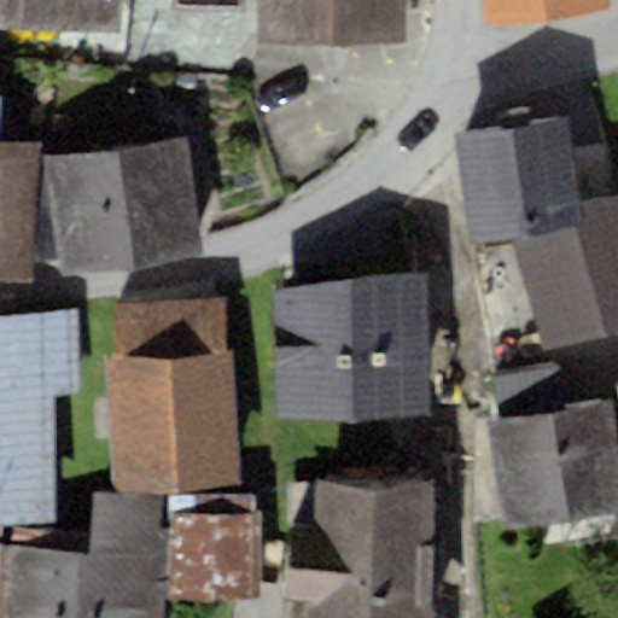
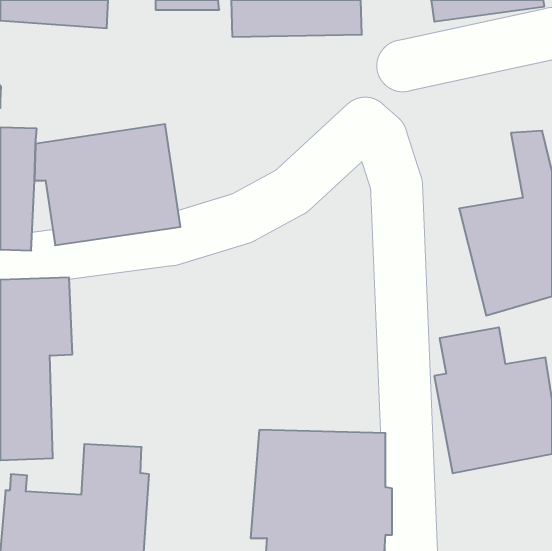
building: [456,118,584,240] -> none
building: [275,275,431,424] -> none
building: [101,298,237,490] -> none
building: [173,517,266,600] -> none

